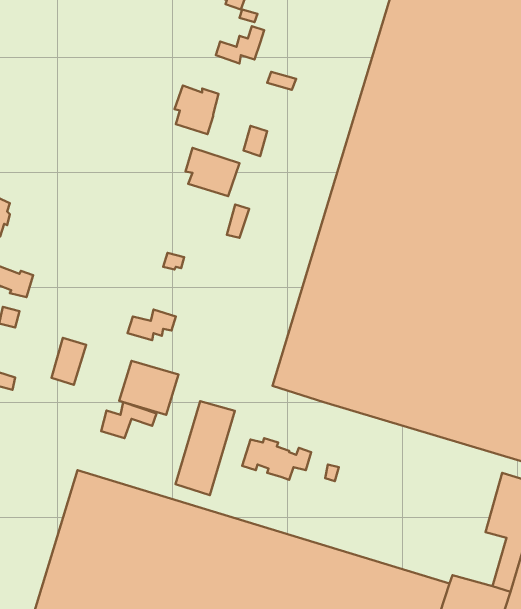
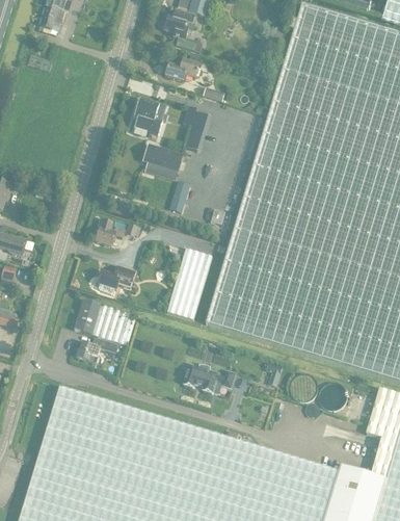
building: none -> [97,219,125,245]
building: [52,338,86,385] -> [76,299,102,335]
building: [175,401,235,495] -> [168,249,213,319]

